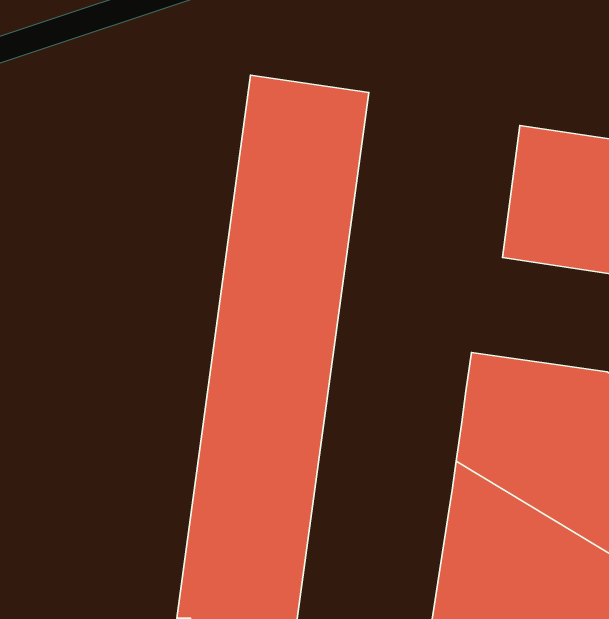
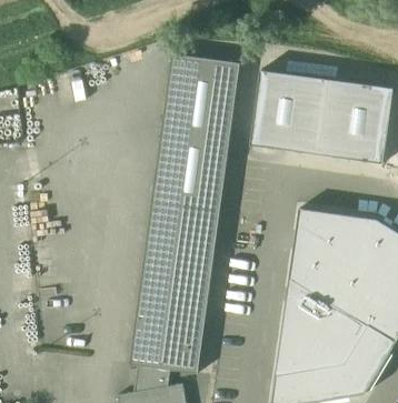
building: none -> [250,70,327,154]

